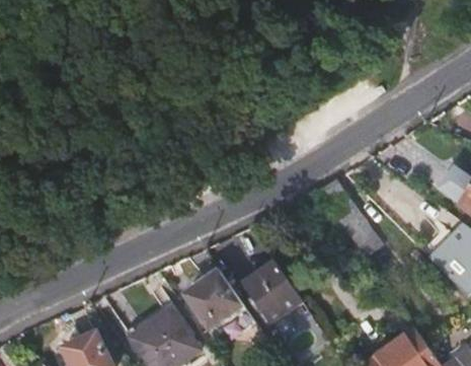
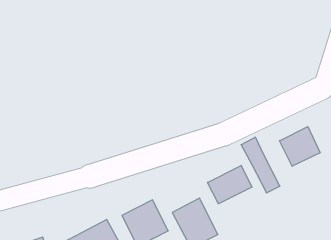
building: none -> [279,127,320,166]
building: none -> [207,165,252,204]

